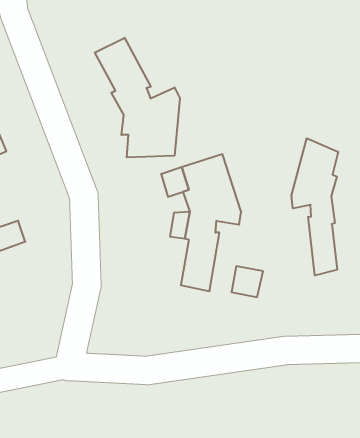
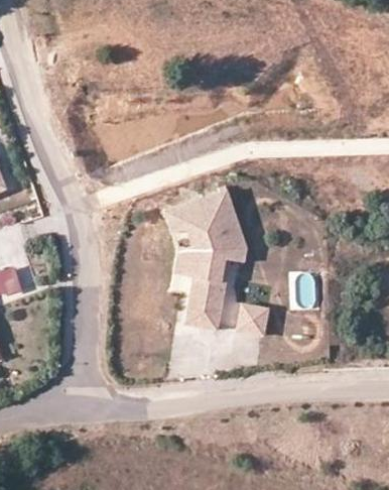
building: [95,38,180,157] -> none
building: [292,138,338,275] -> none

